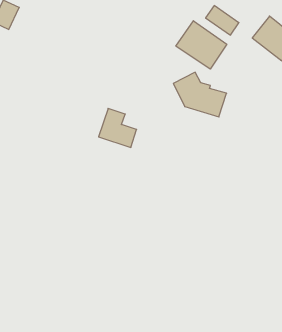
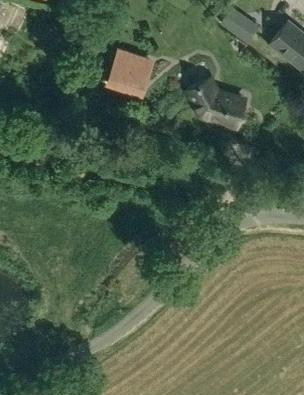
building: [176,21,227,69] -> none
building: [99,108,137,147] -> [108,53,148,94]

